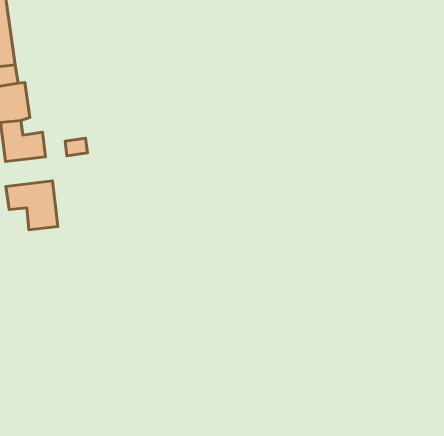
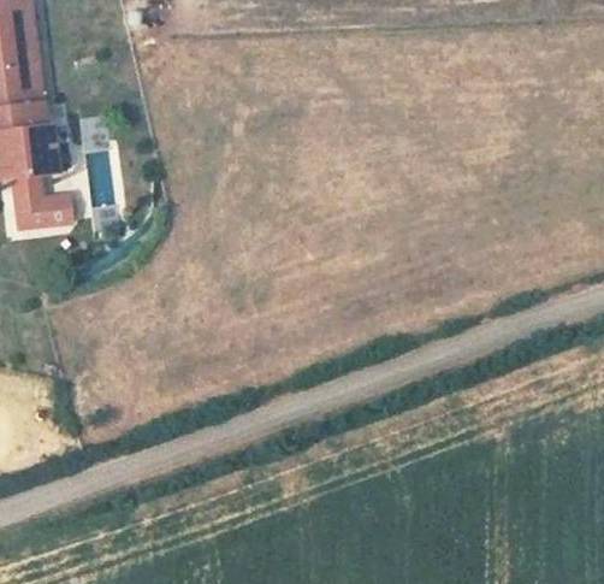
building: [6,181,58,230] -> none

